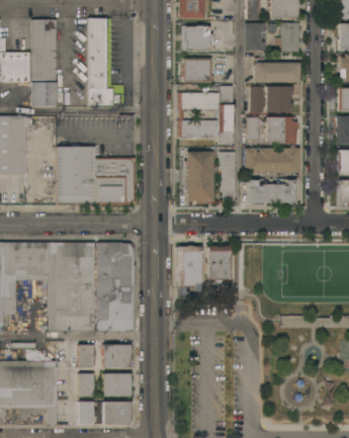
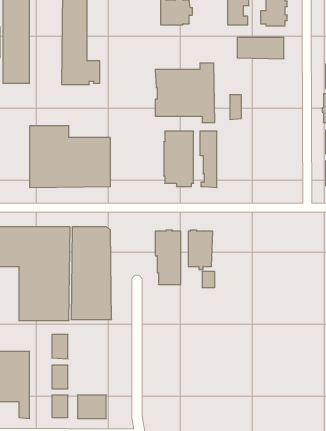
building: [182,58,213,82] -> none
building: [250,86,292,112] -> none
building: [266,116,297,144] -> none
building: [245,148,300,174] -> none
building: [249,179,294,204] -> none
building: [102,344,129,366] -> none
building: [102,373,129,396] -> none

